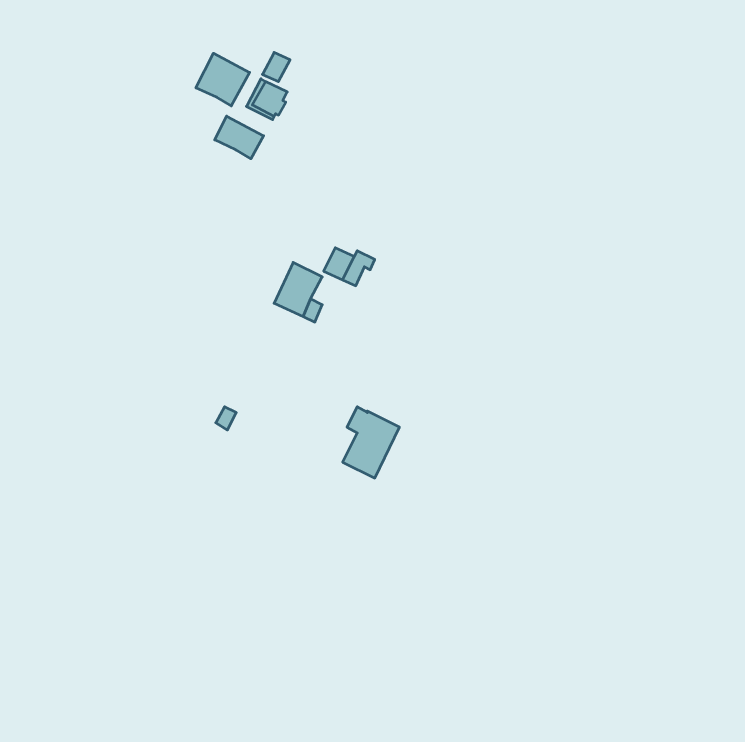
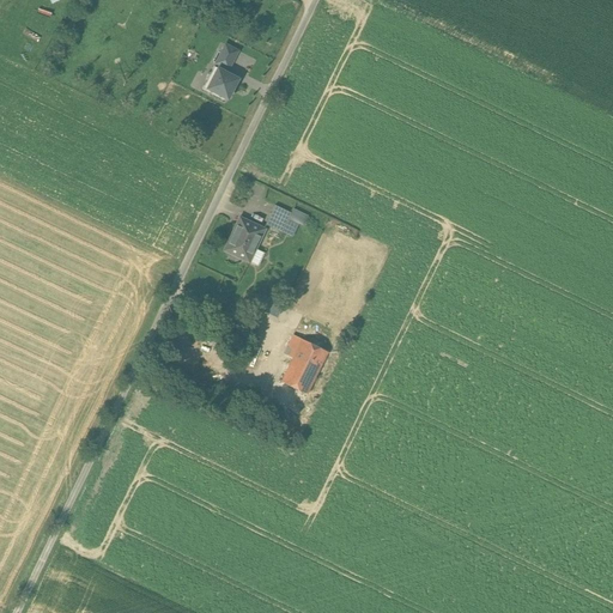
building: [196,53,250,106] -> none
building: [215,116,264,159] -> none

